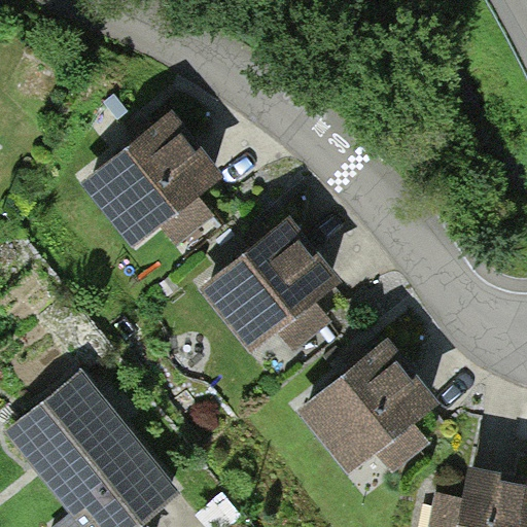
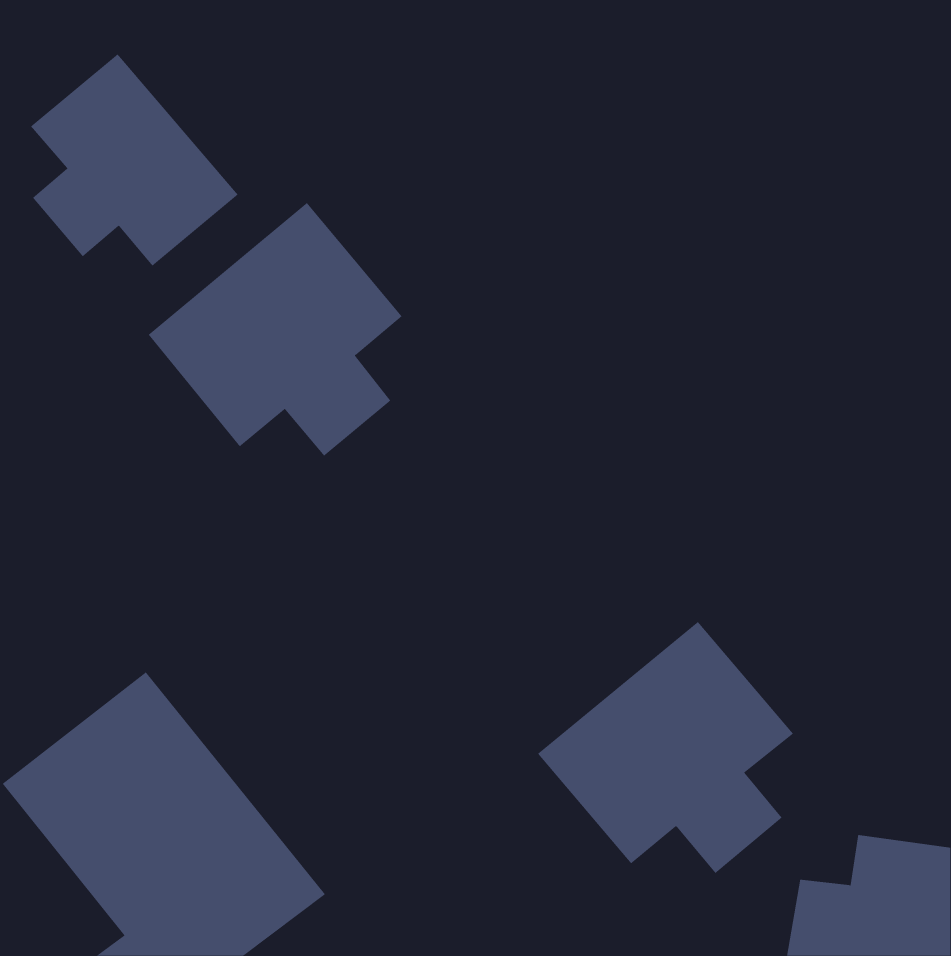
building: none -> [30,53,238,266]
building: [204,221,344,360] -> none

